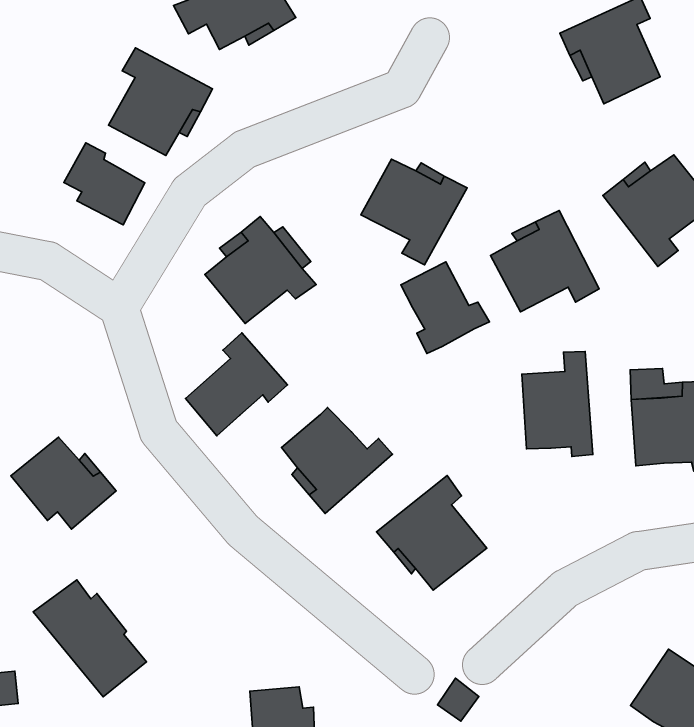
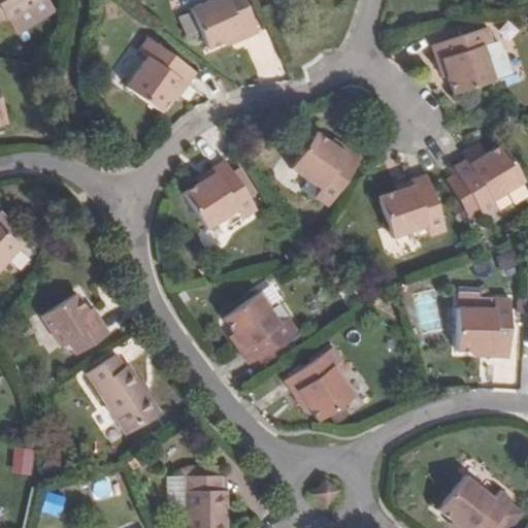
building: [64,143,145,225] -> none
building: [401,262,490,353] -> none
building: [185,333,287,436] -> none
building: [522,352,593,457] -> none
building: [33,580,147,697] -> [91,356,163,435]

